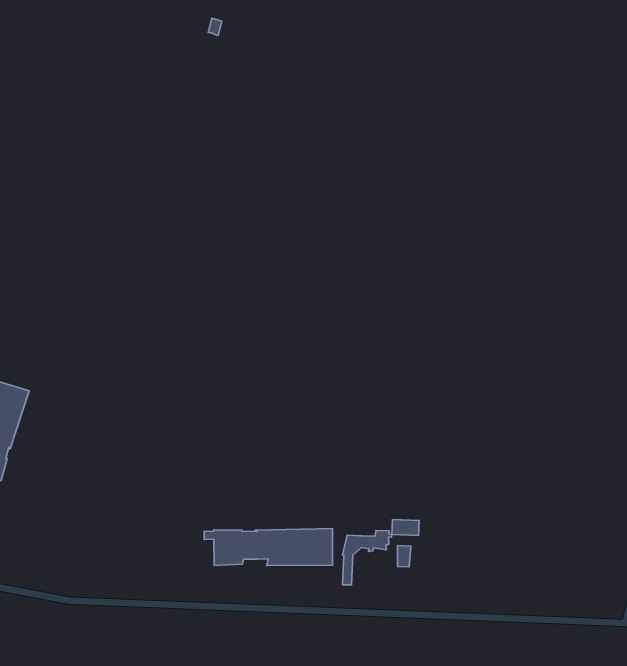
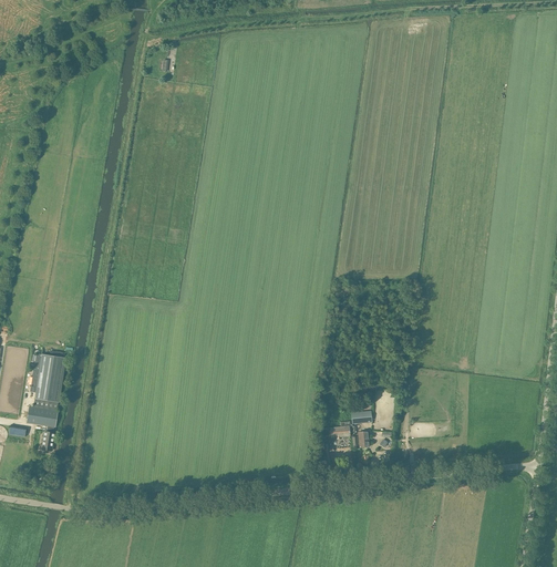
building: [204,529,333,565] -> none

